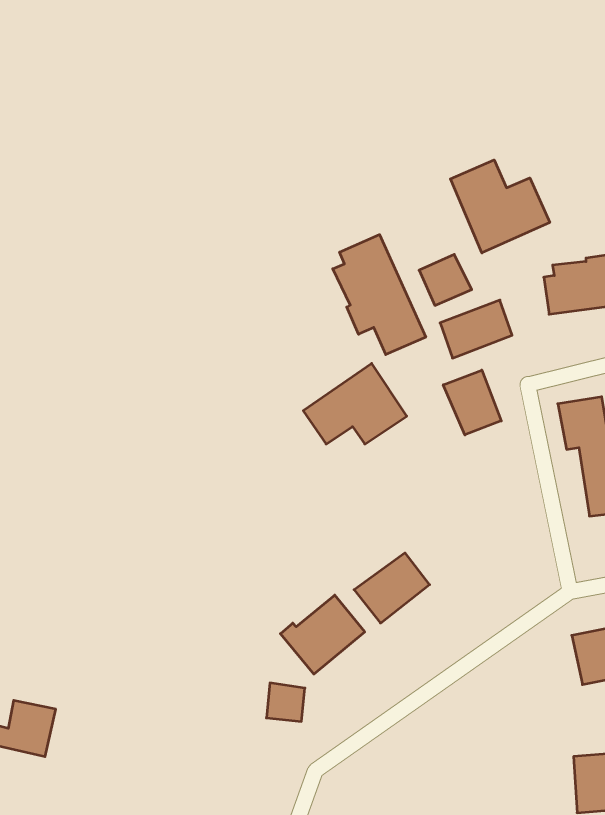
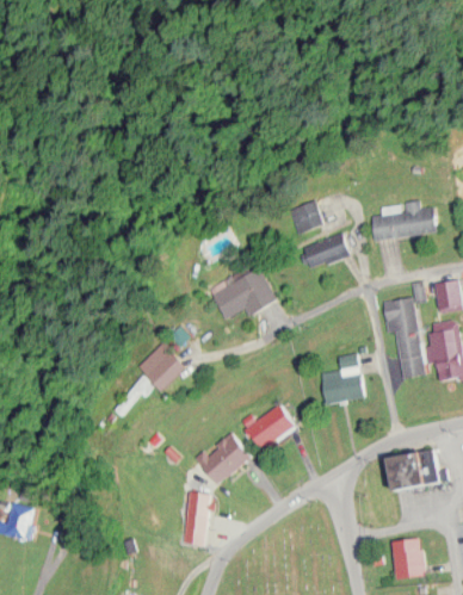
building: [450,160,550,253] -> none
building: [333,235,426,355] -> none
building: [443,370,501,435] -> none
building: none -> [132,343,184,395]
building: none -> [320,364,365,404]

